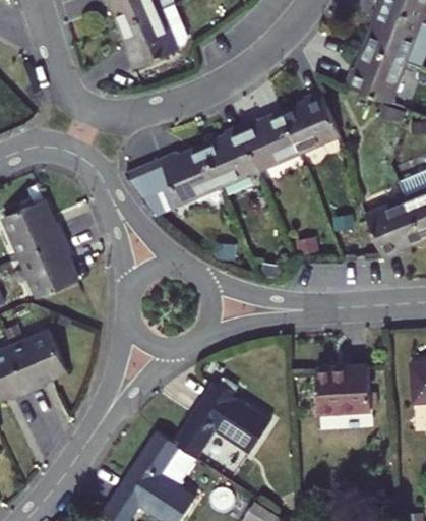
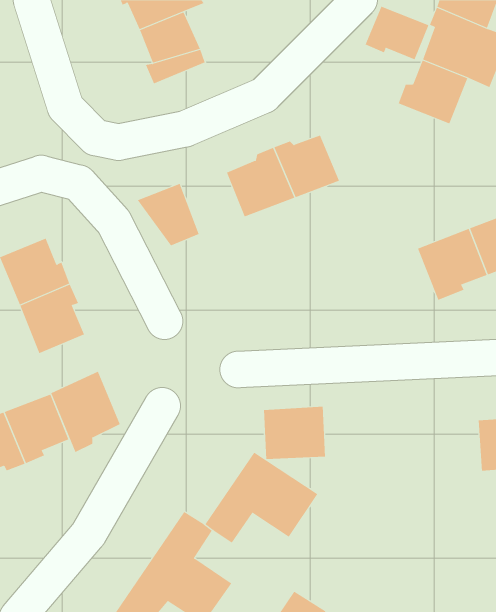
building: none -> [365,6,429,60]
building: [277,95,337,157] -> none
building: [159,150,212,201] -> none
building: none -> [51,371,121,453]
building: [324,373,377,418] -> [263,406,326,459]

